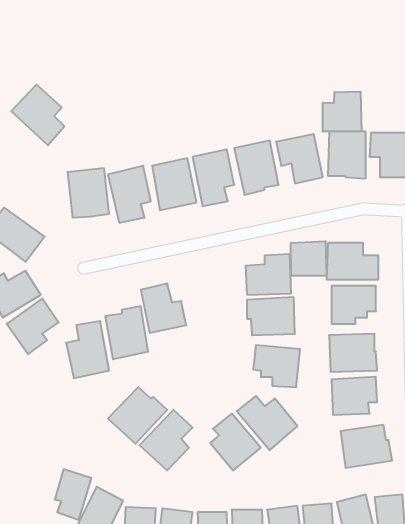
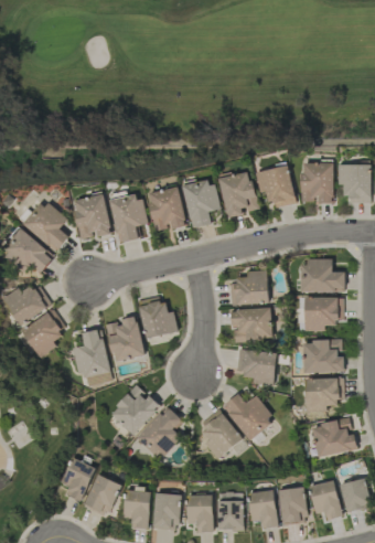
building: [11,85,64,145] -> [23,200,69,253]
building: [323,92,362,132] -> none
building: [291,241,327,276] -> none

